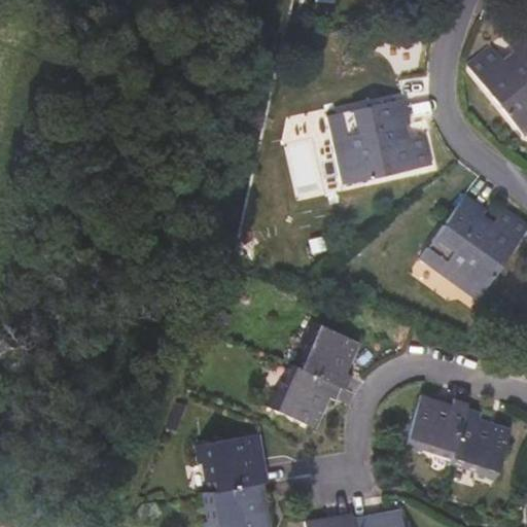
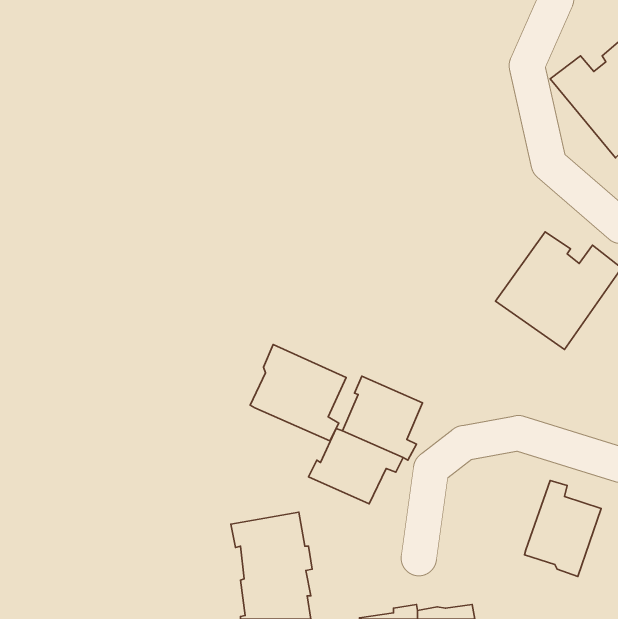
building: [331,99,431,184] -> none
building: none -> [250,344,346,441]
building: [402,397,469,466] -> none

